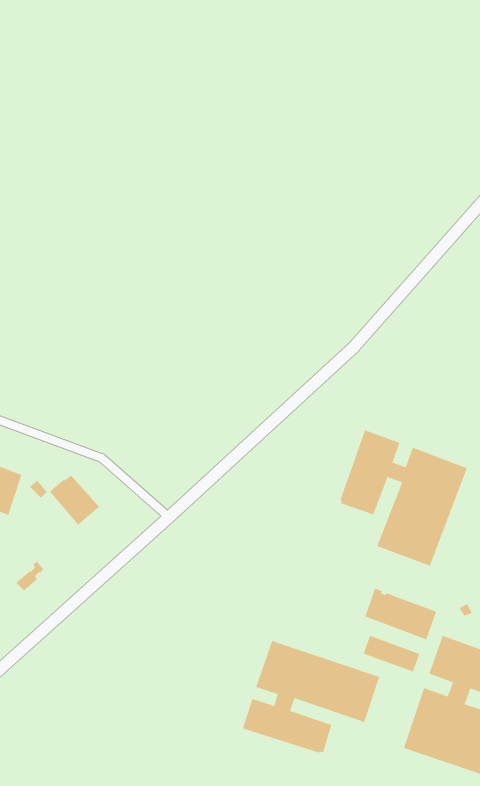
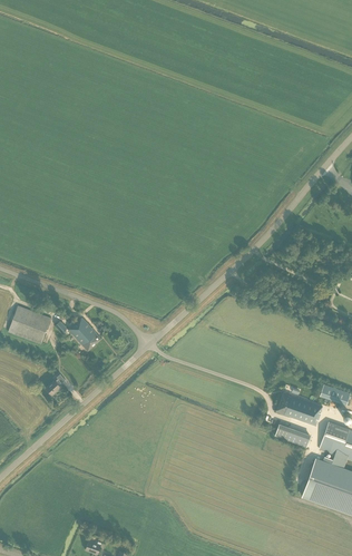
building: [340,429,467,566] -> none
building: [242,640,380,753] -> none

